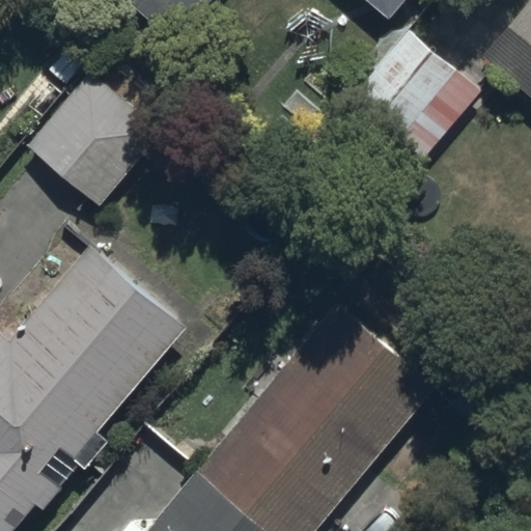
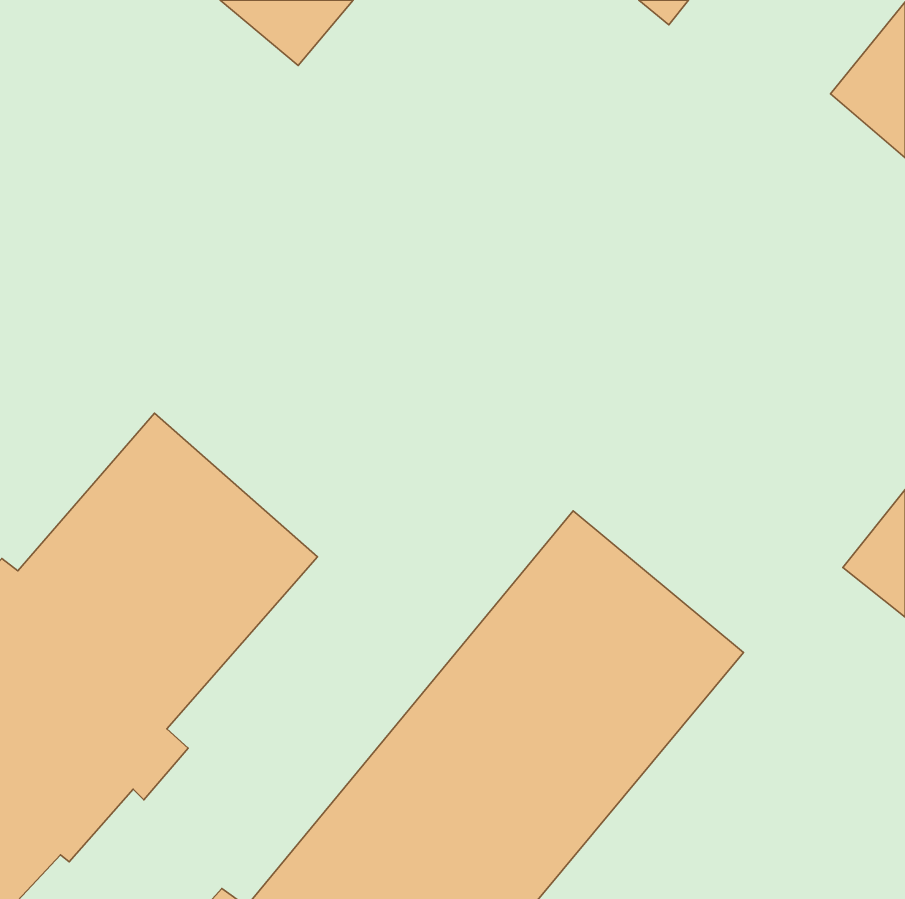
building: [351,28,480,158] -> none
building: [26,72,161,206] -> none

